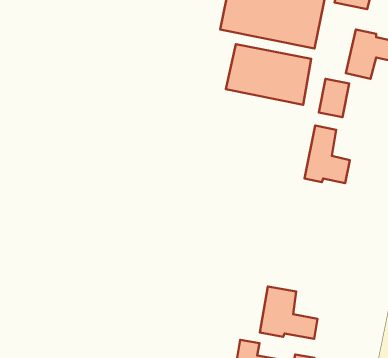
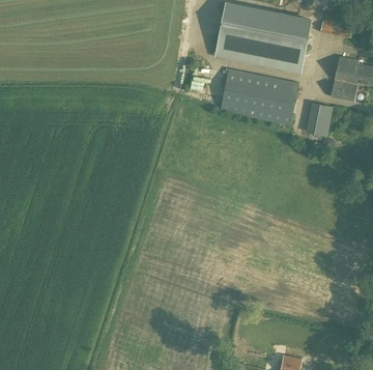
building: [305,125,350,183] -> none
building: [260,286,318,339] -> none

